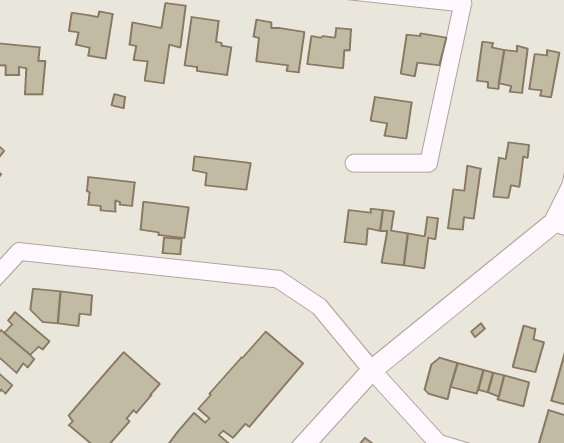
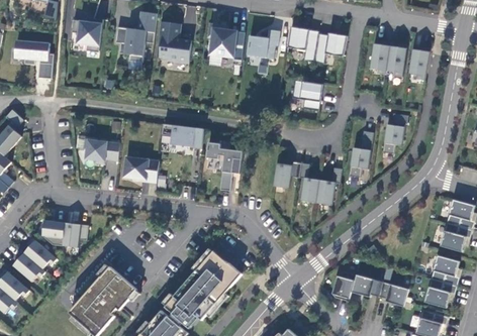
building: none -> [287,26,319,63]
building: none -> [206,141,244,190]
building: [513,326,544,372] -> none

